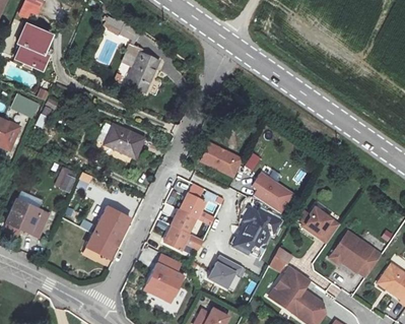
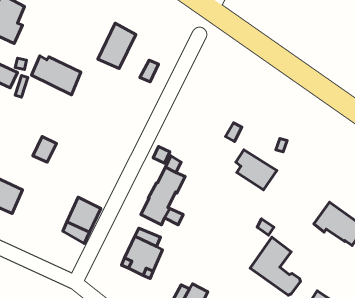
building: [94,124,143,163] -> [31,56,81,95]
building: [200,143,244,178] -> none
building: [303,205,341,241] -> none
building: [100,207,131,235] -> none
building: [237,207,282,256] -> none
building: [208,256,243,289] -> none

